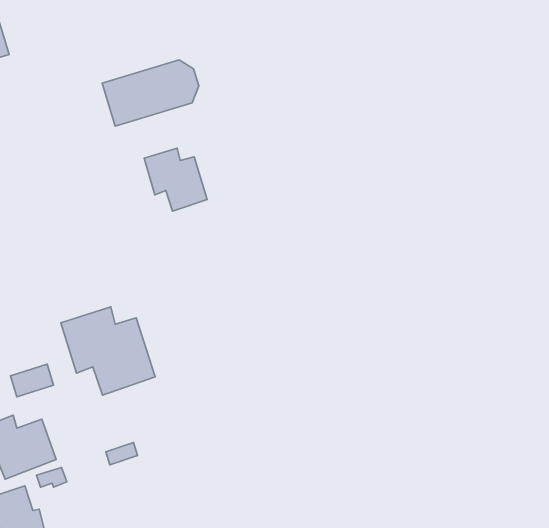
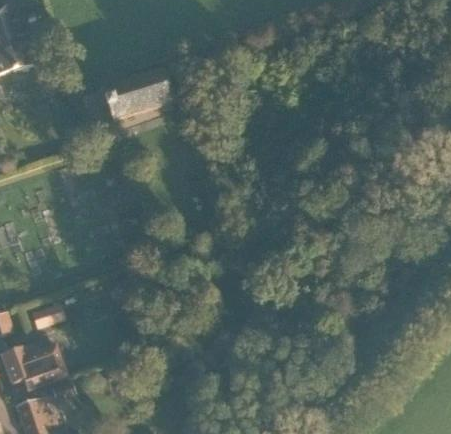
building: [144,148,207,211] -> none
building: [61,307,155,395] -> none

